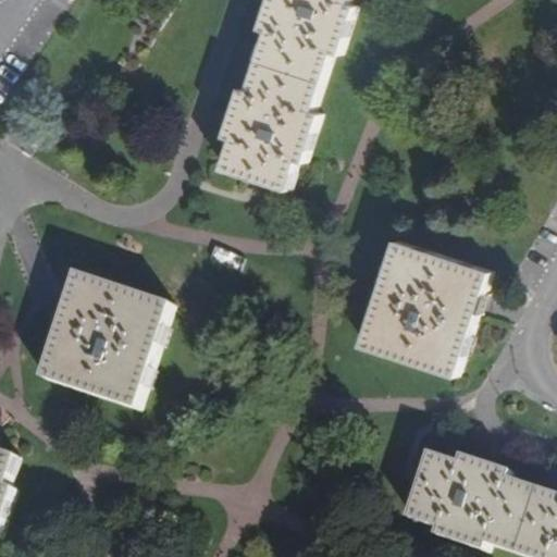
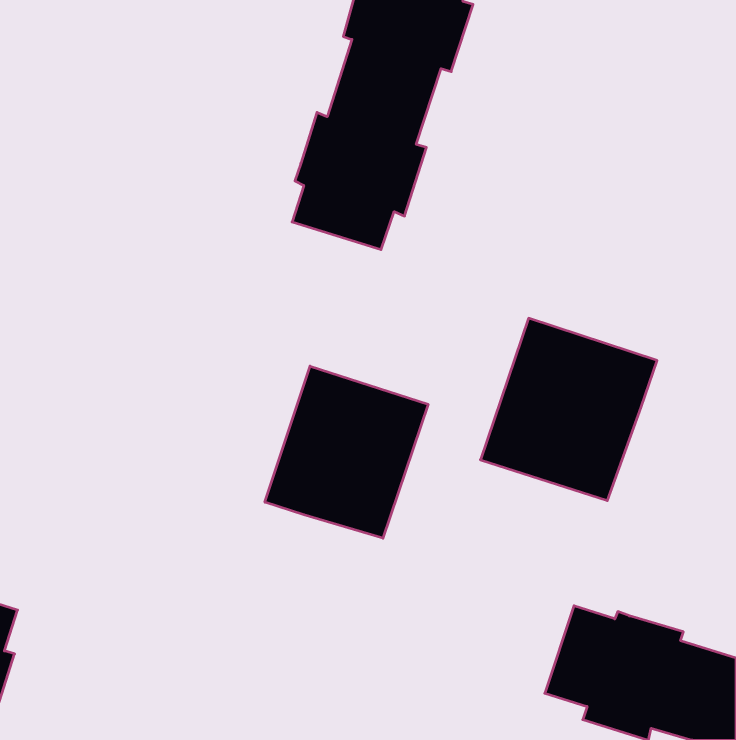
building: [39,272,168,408] -> none
building: none -> [265,366,428,538]

